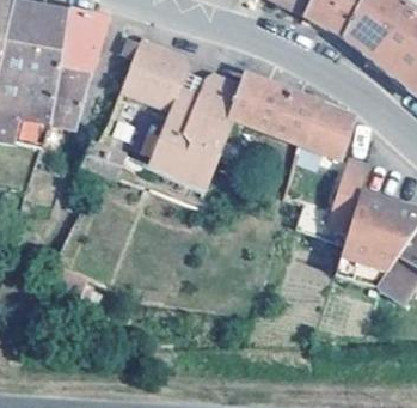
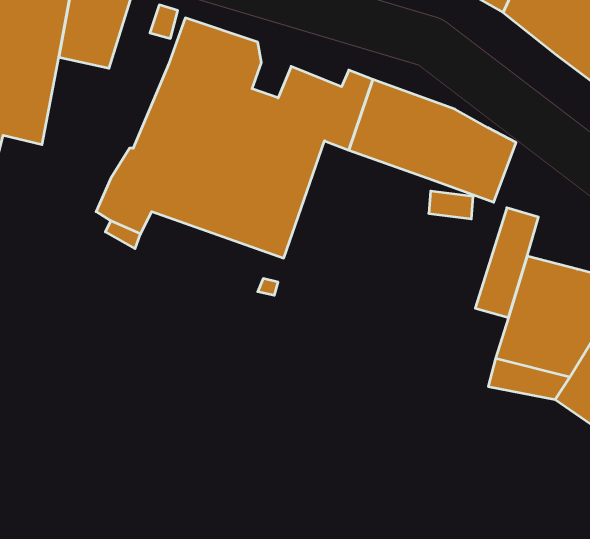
building: [48,65,91,127] -> none

